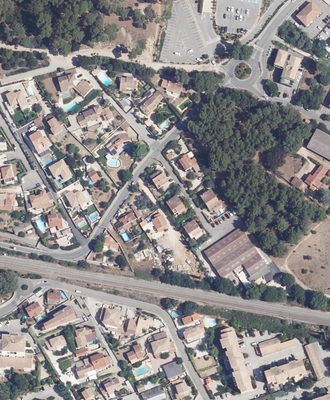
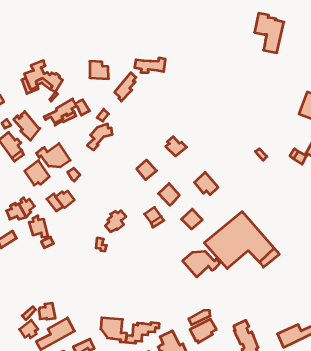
building: none -> [36,143,70,167]
building: none -> [183,251,220,277]

